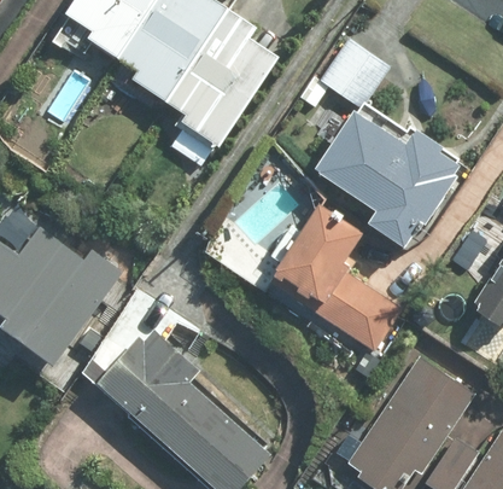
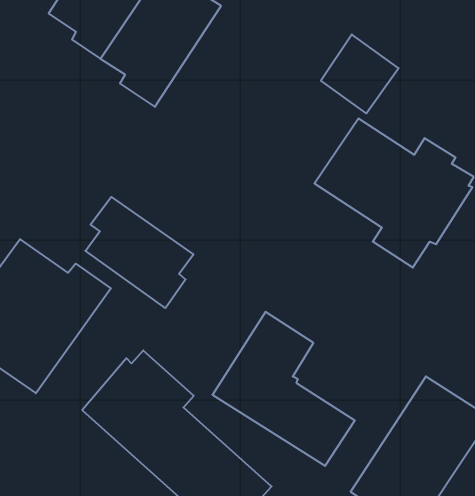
building: [164,7,280,147] -> none
building: none -> [85,197,193,308]
building: [269,205,402,349] -> [212,312,355,466]

